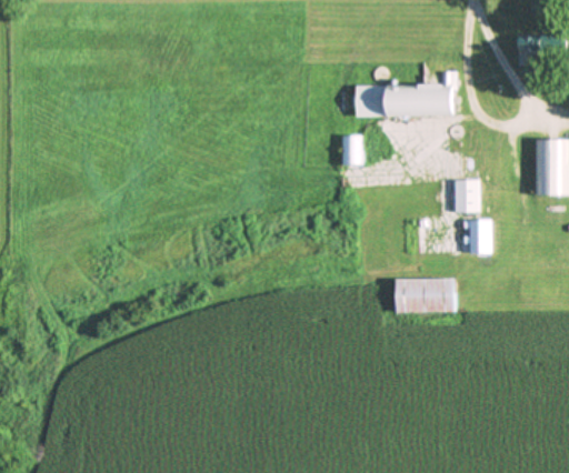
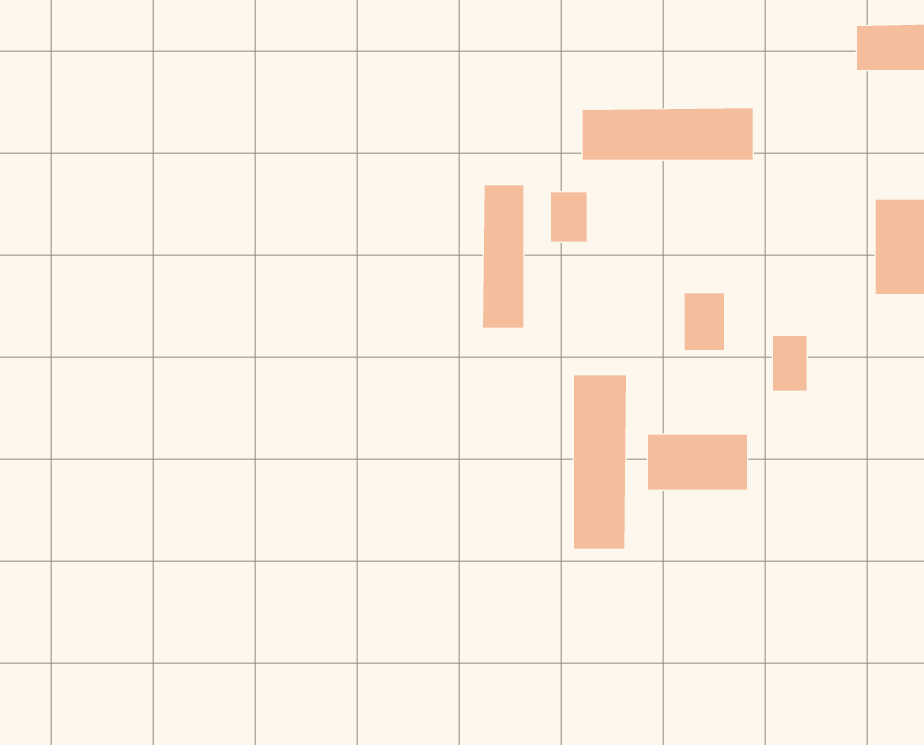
building: none -> [483,184,524,328]
building: [456,179,480,213] -> [684,293,725,351]
building: none -> [574,375,627,550]

